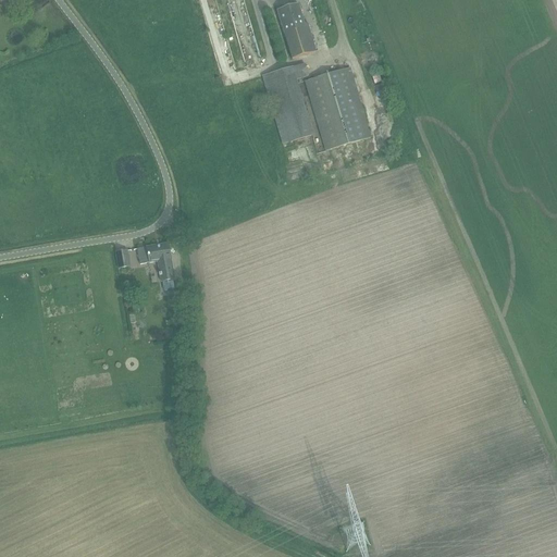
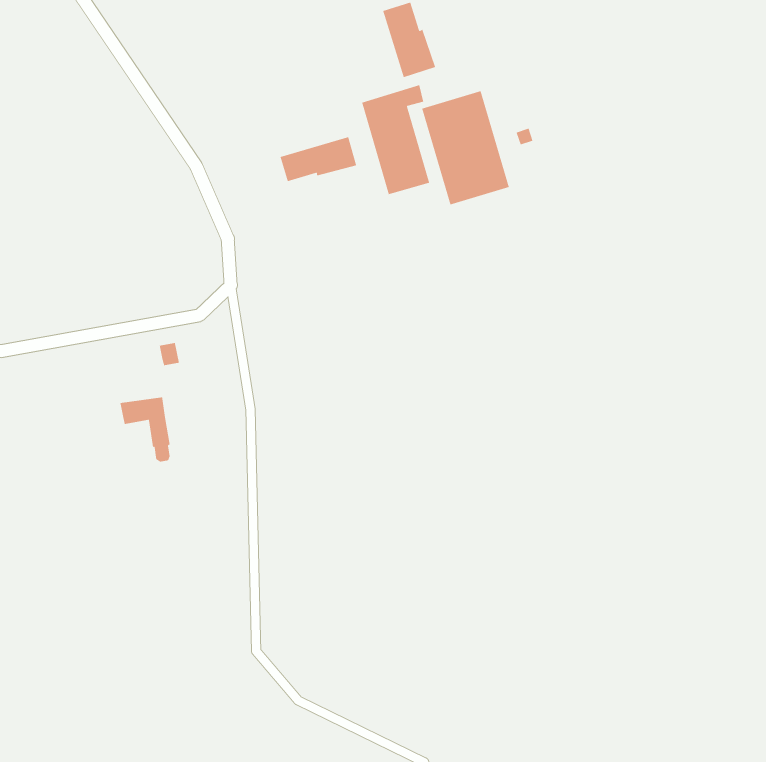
building: none -> [280,136,357,182]
building: [137,242,174,289] -> [120,396,170,462]

